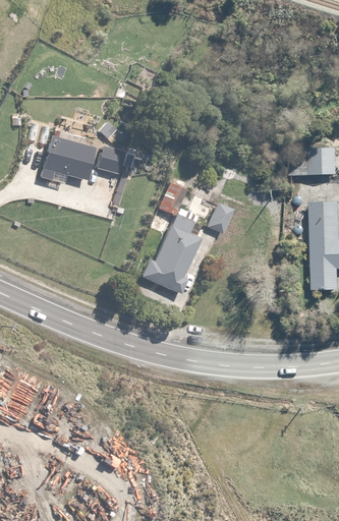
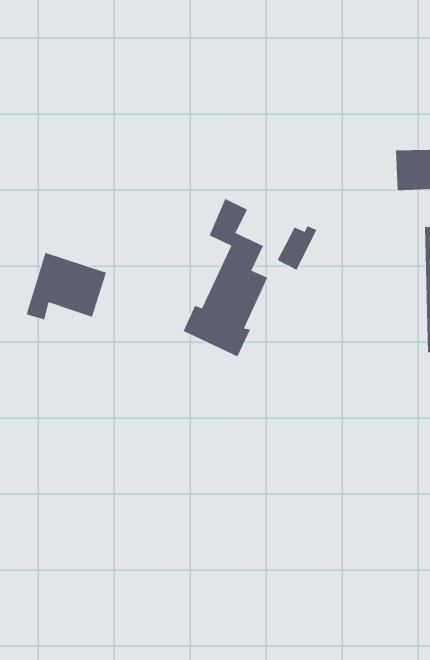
building: [38,134,95,182] -> [26,252,107,320]
building: [96,144,125,175] -> none

